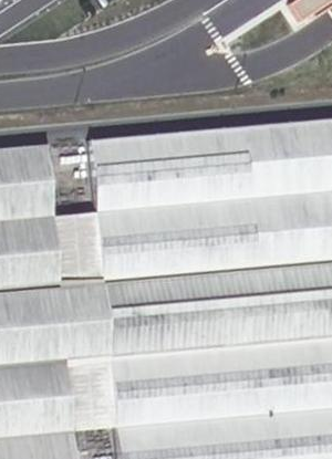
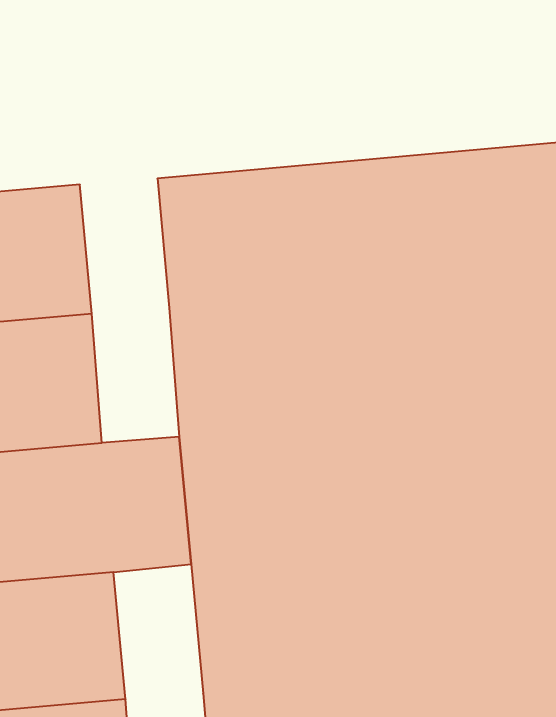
building: [56,212,105,288] -> none
building: [69,355,118,430] -> none

